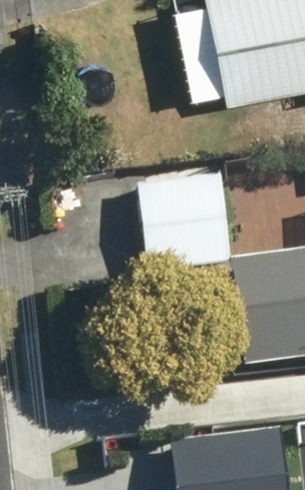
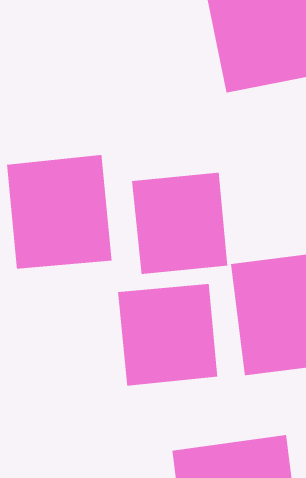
building: none -> [7,154,112,270]
building: none -> [118,283,218,387]

